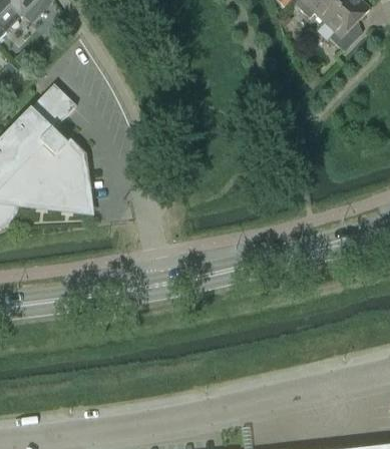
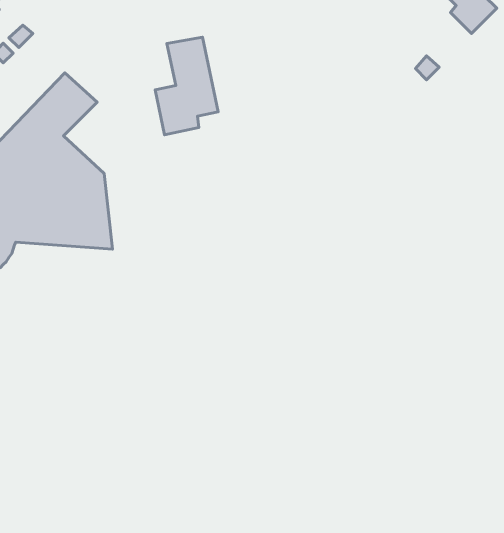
building: none -> [155,37,218,135]

